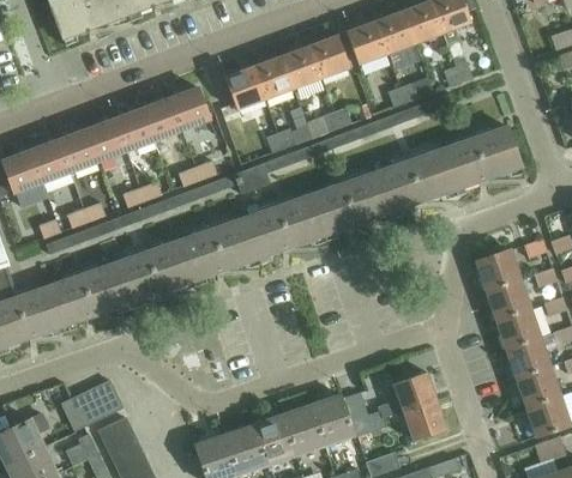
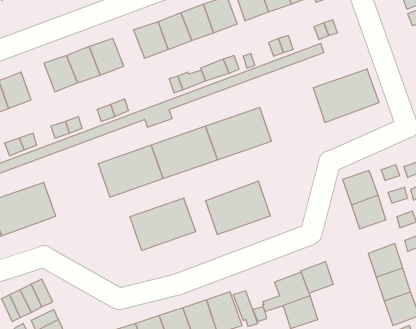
building: [86,116,127,161] -> none
building: [377,146,456,211] -> [205,181,270,234]
building: [114,238,194,302] -> [130,198,196,250]
building: [498,307,541,347] -> none
building: none -> [301,261,333,293]

